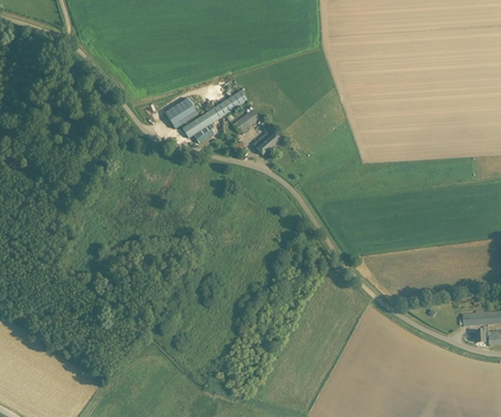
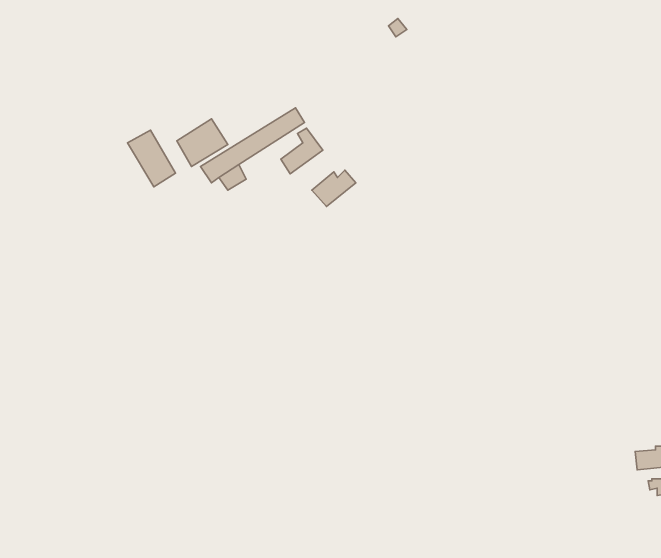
building: none -> [127,130,175,187]

